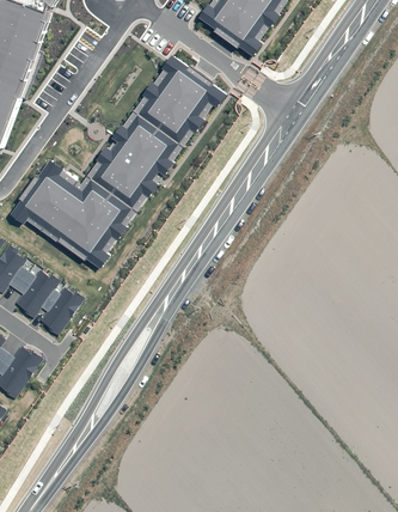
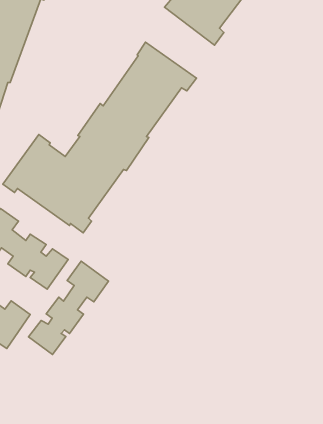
building: none -> [29,261,109,354]

